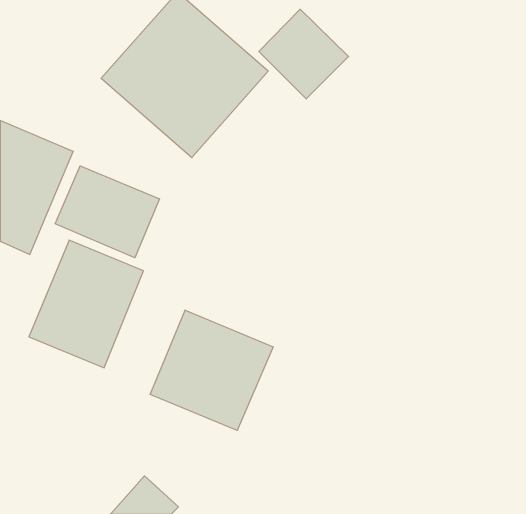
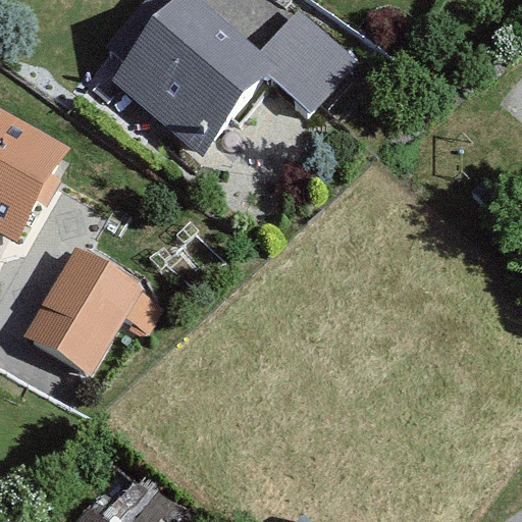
building: [55,166,159,258] -> none
building: [150,310,273,430] -> none

